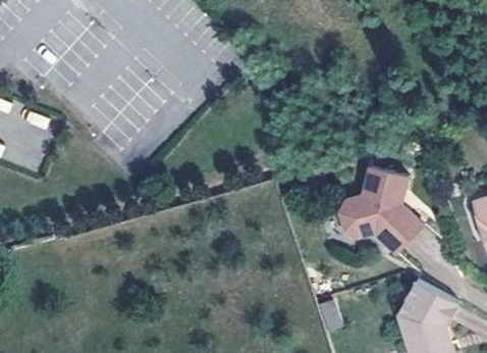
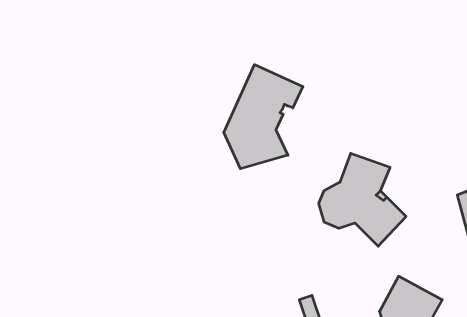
building: none -> [224,65,303,169]

